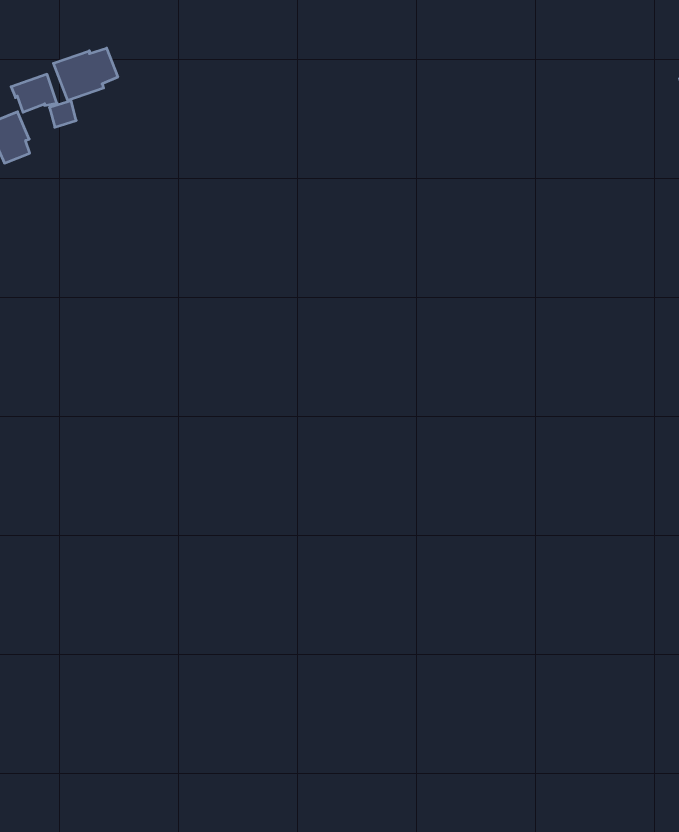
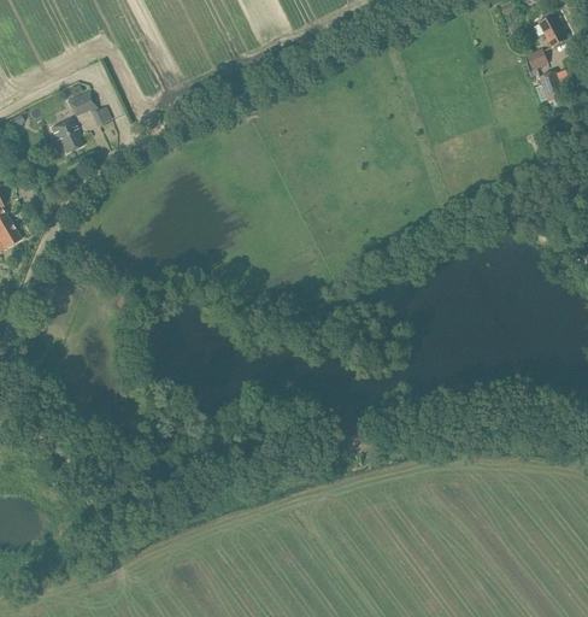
building: [53,48,118,101] -> none

